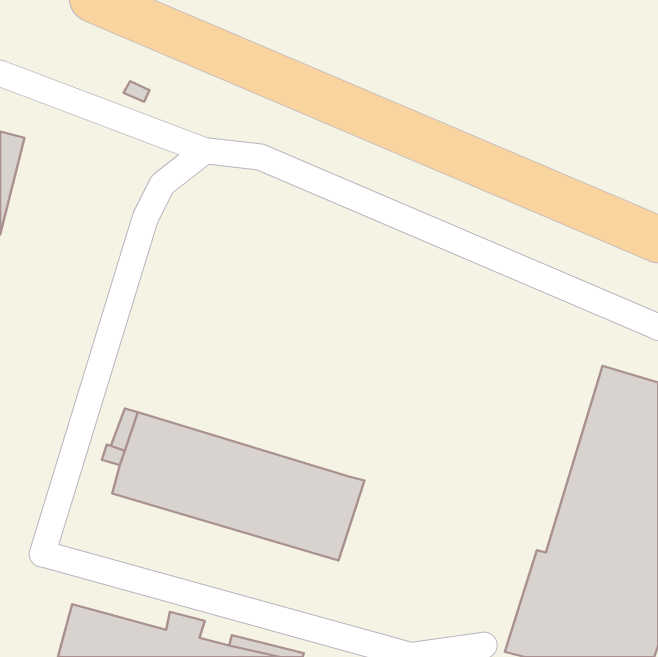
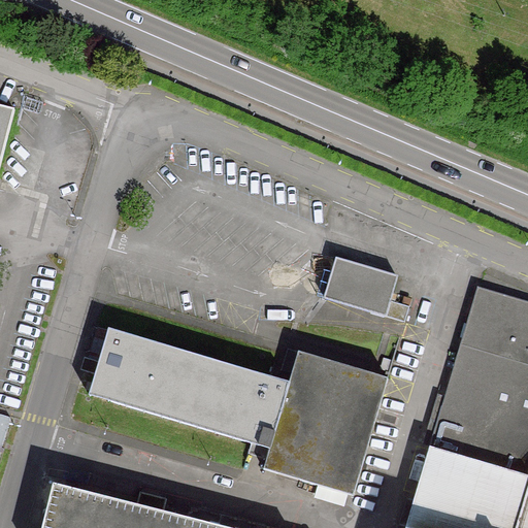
building: none -> [325,259,408,321]
building: none -> [265,349,388,494]

